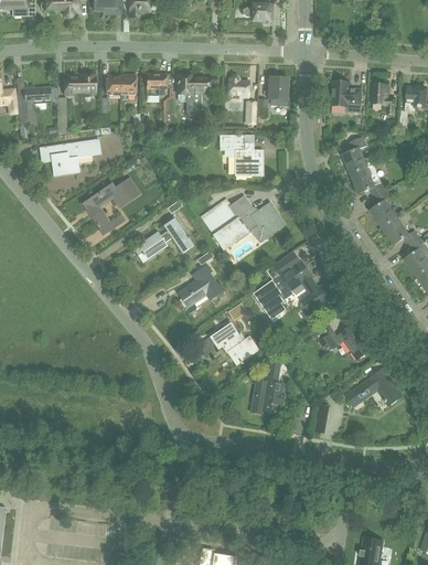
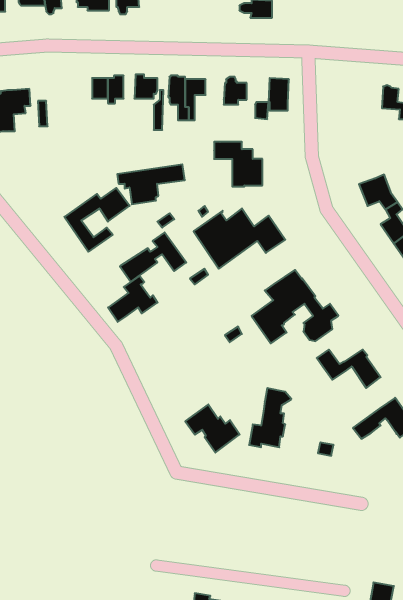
building: [64,73,96,94] -> none
building: [331,81,362,113] -> none
building: [343,136,374,172] -> none
building: [40,138,101,174] -> [117,164,185,204]
building: [178,264,223,306] -> [108,276,158,322]
building: [208,320,258,364] -> [185,404,240,453]

